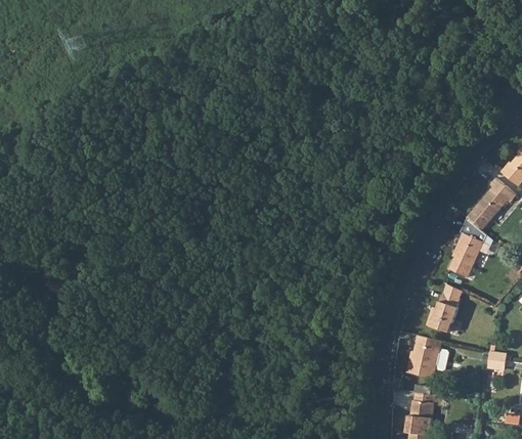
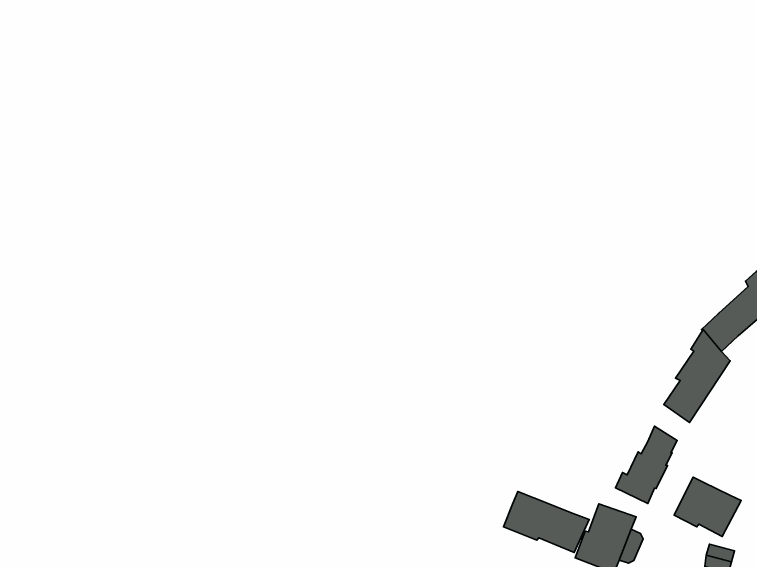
building: none -> [674,477,741,536]
building: none -> [503,492,589,553]

